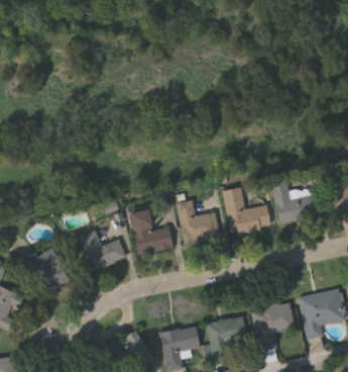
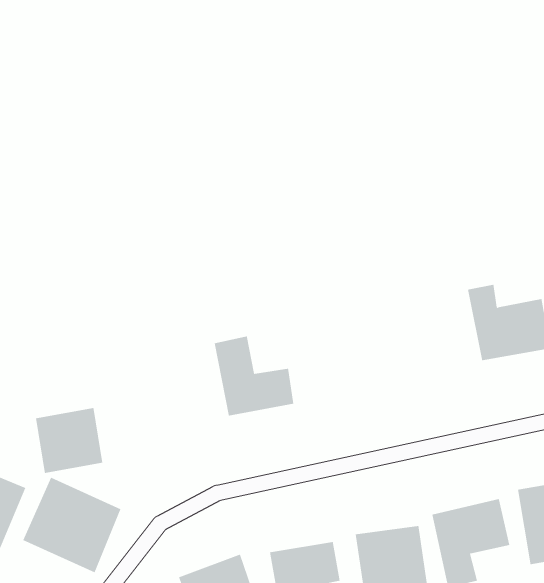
building: [222,188,269,236] -> none
building: [178,200,221,245] -> none
building: [79,229,125,271] -> none
building: none -> [23,477,121,573]

